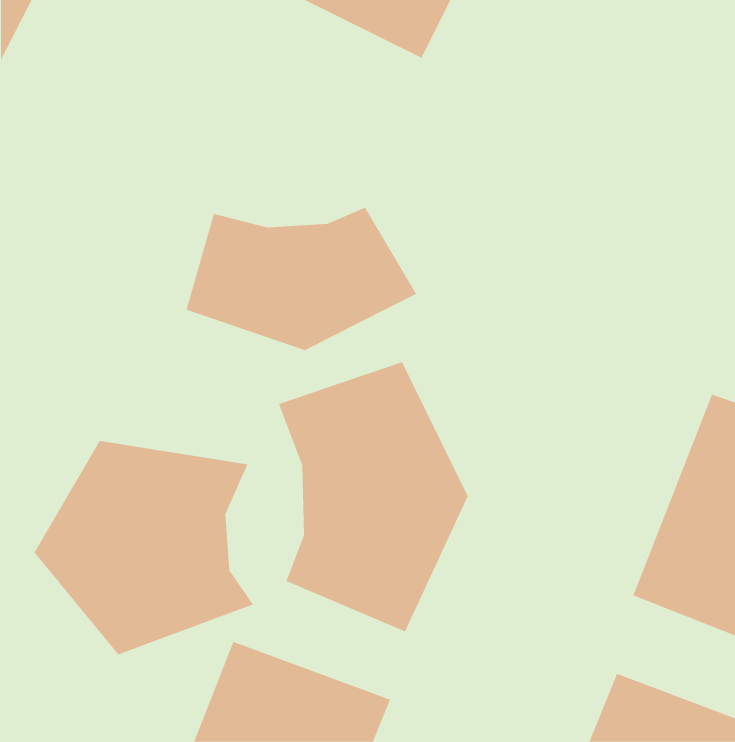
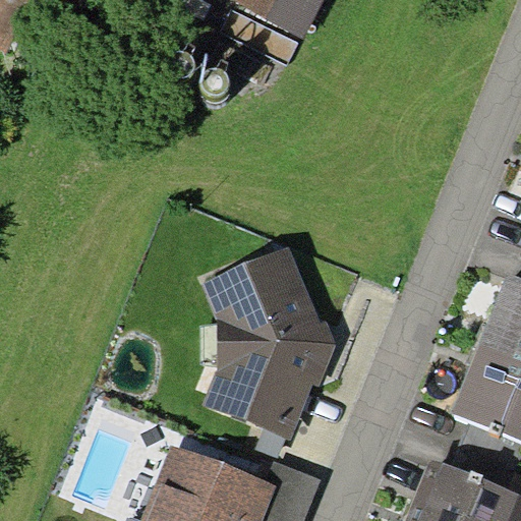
building: [186,207,417,351] -> none
building: [34,440,254,655] -> none

